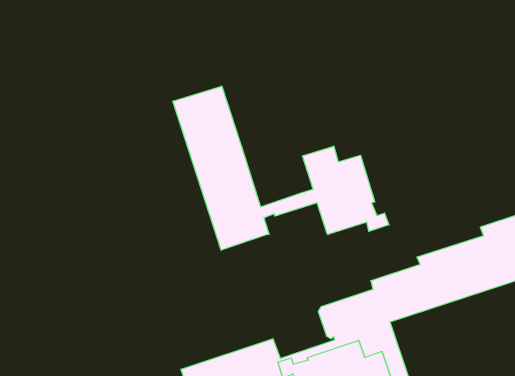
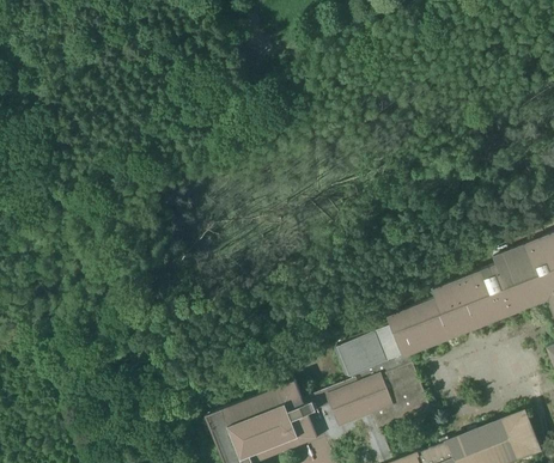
building: [173,86,389,250] -> none

